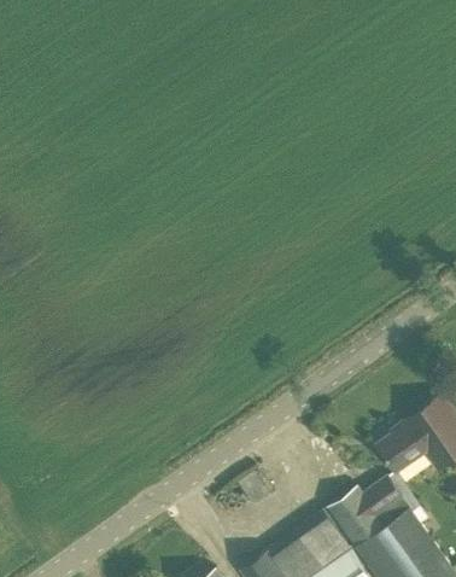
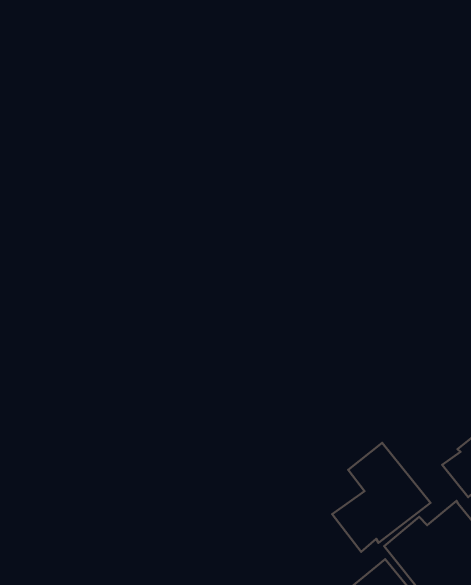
building: none -> [332,443,430,552]

